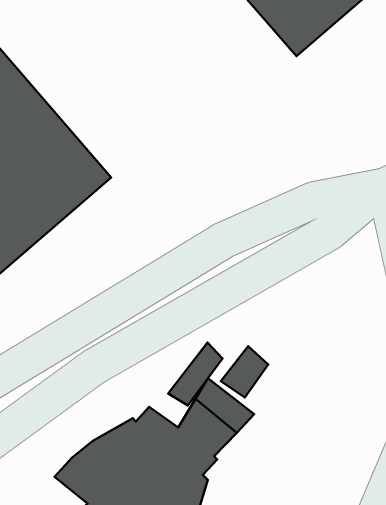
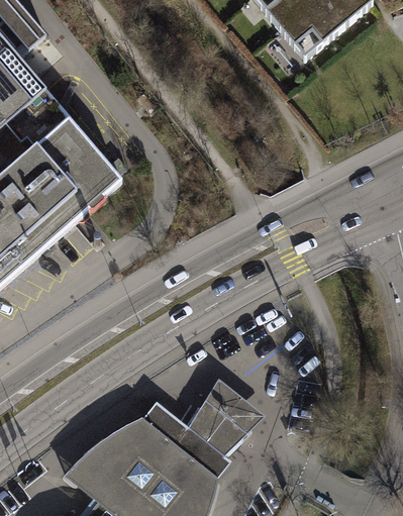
building: [168,343,223,405] -> none
building: [221,346,268,397] -> none

